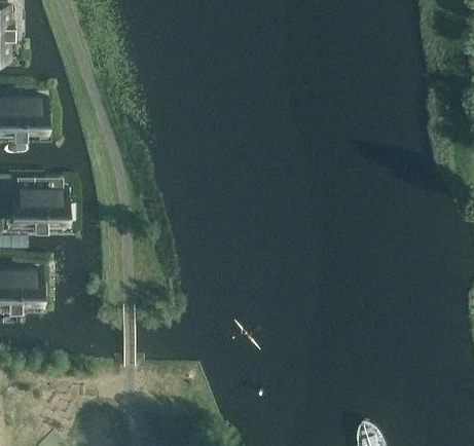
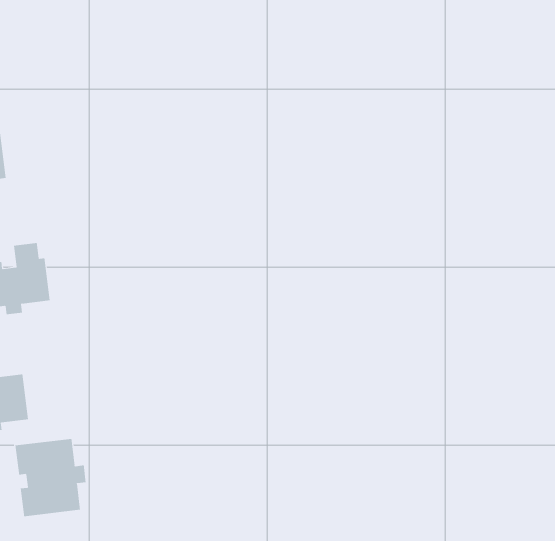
building: none -> [15,438,86,517]

